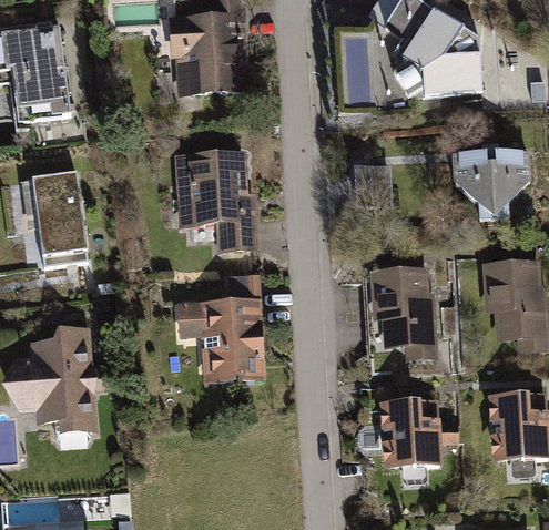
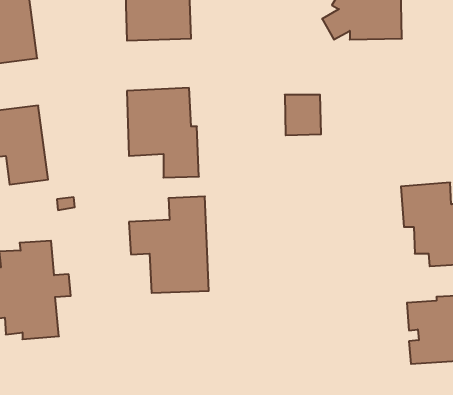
building: [448,143,532,220] -> none
building: [369,268,435,361] -> none
building: [382,397,456,466] -> none

